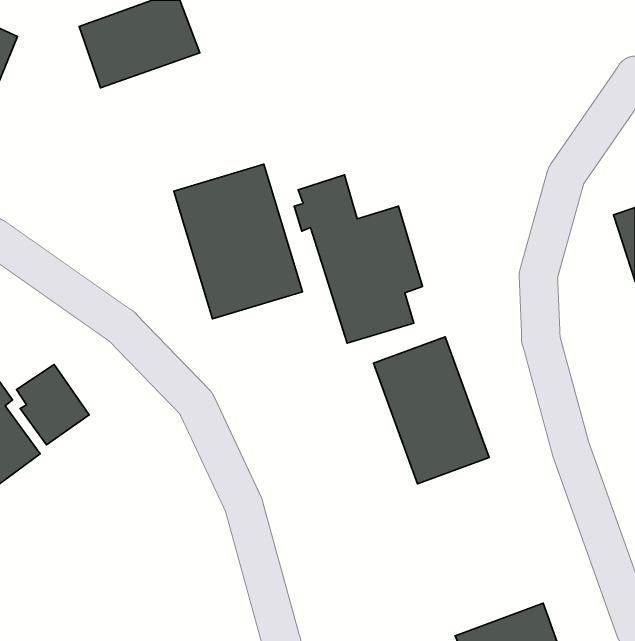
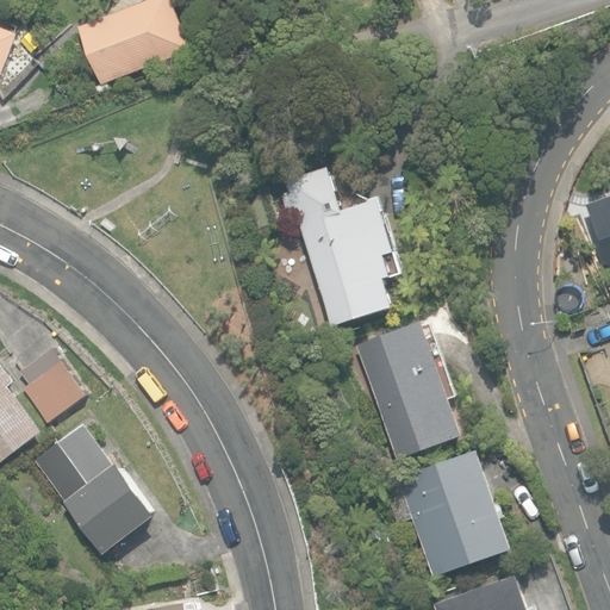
building: [174,164,303,319] -> none
building: none -> [32,424,156,554]
building: none -> [381,449,512,577]

